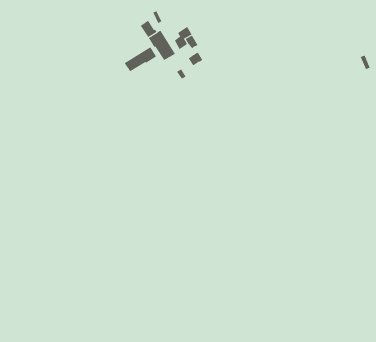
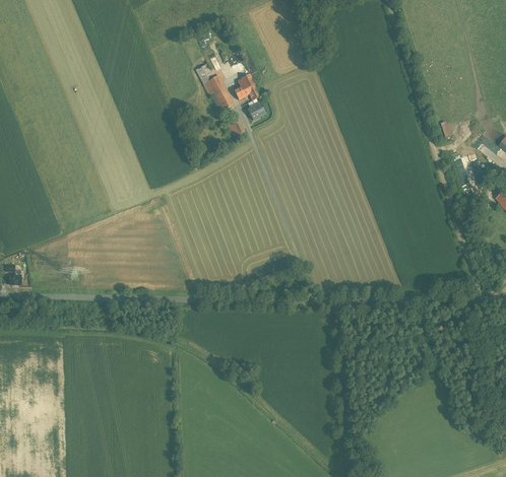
building: [124,46,157,72] -> none

